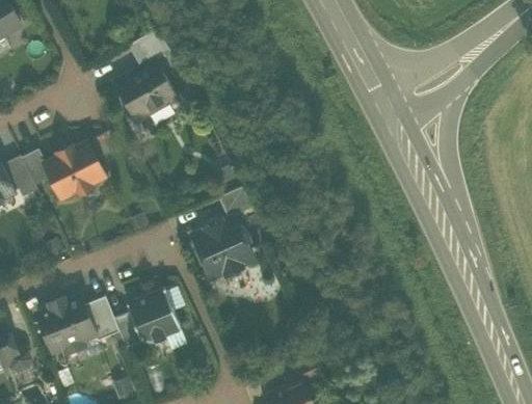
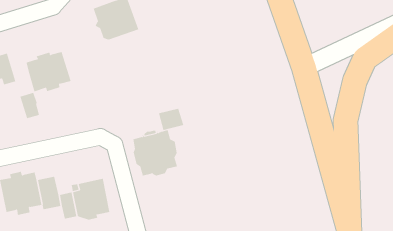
building: [22,151,51,185] -> [20,92,40,119]

